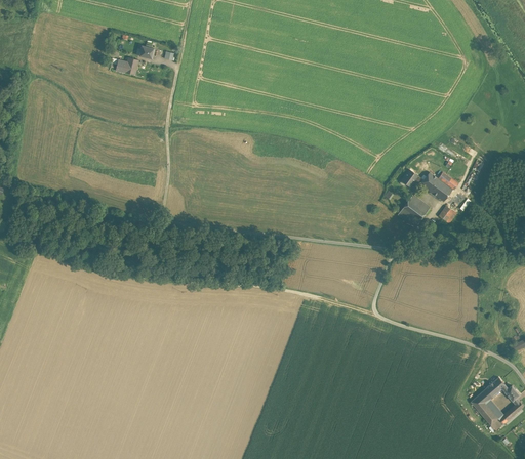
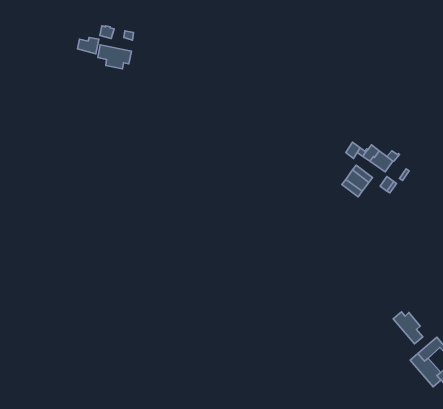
building: none -> [98,45,132,69]
building: none -> [393,312,423,344]

